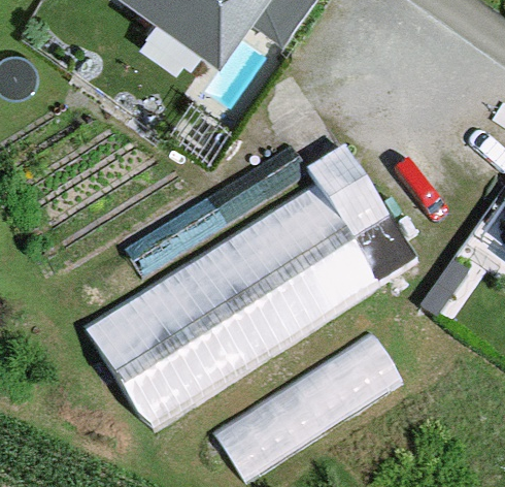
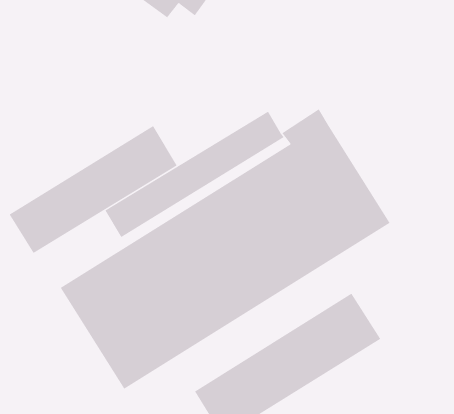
building: none -> [9,125,177,254]

